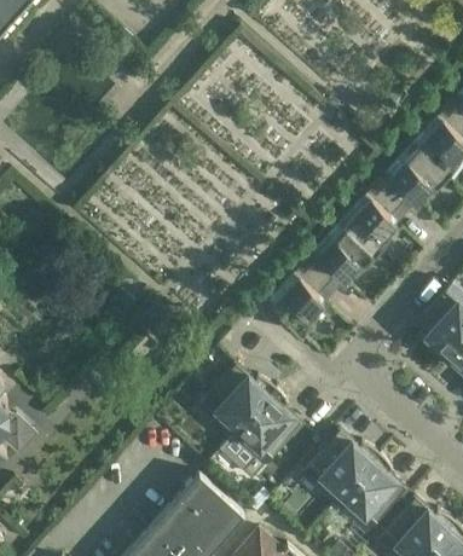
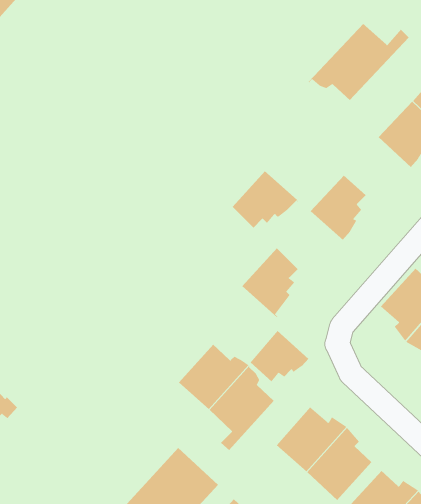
building: none -> [308,23,409,101]
building: [377,149,450,210] -> none
building: [306,227,377,289] -> [232,170,299,228]
building: none -> [250,330,309,382]

